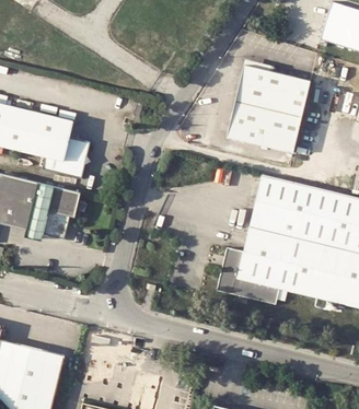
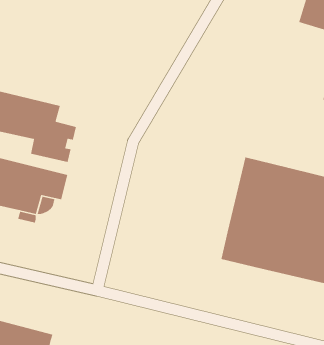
building: [228,66,313,155] -> none
building: [218,248,279,302] -> none

